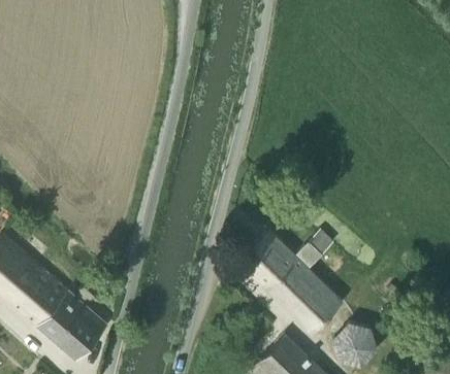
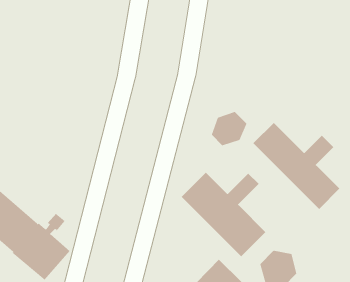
building: none -> [211,111,247,146]
building: none -> [252,122,340,210]

